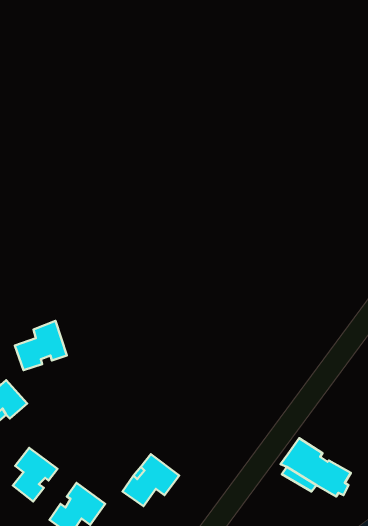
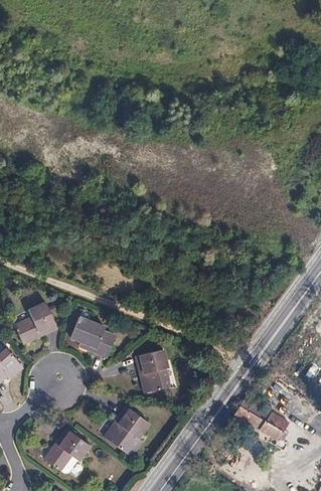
building: none -> [71,317,115,357]
building: none -> [136,349,168,392]
building: [13,448,58,501] -> none

